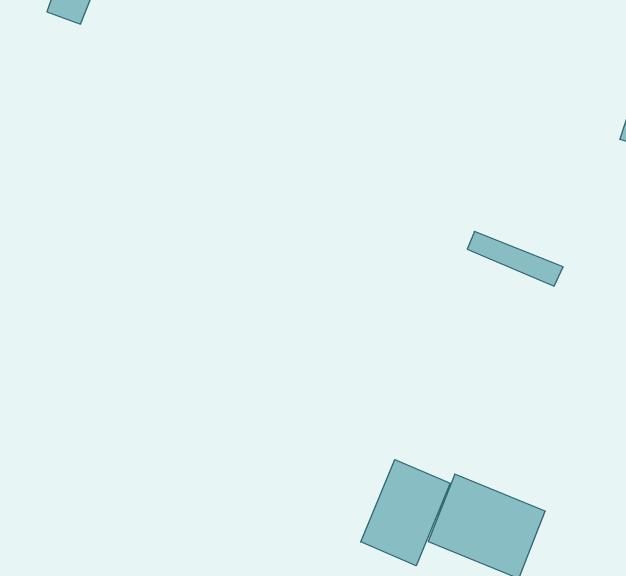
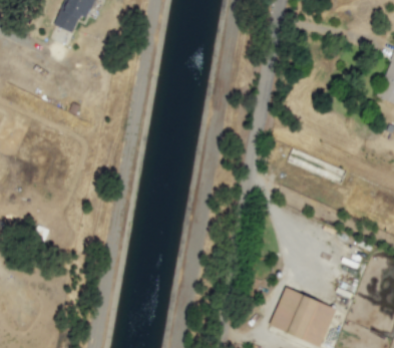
building: [361,460,450,566] -> none

